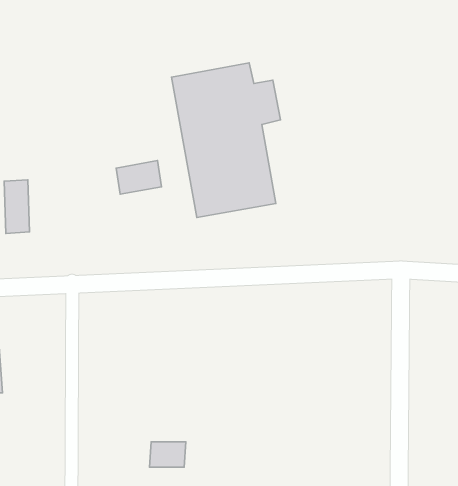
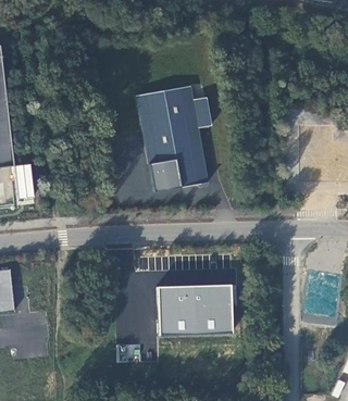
building: [116,161,161,194] -> none
building: none -> [159,285,234,335]

